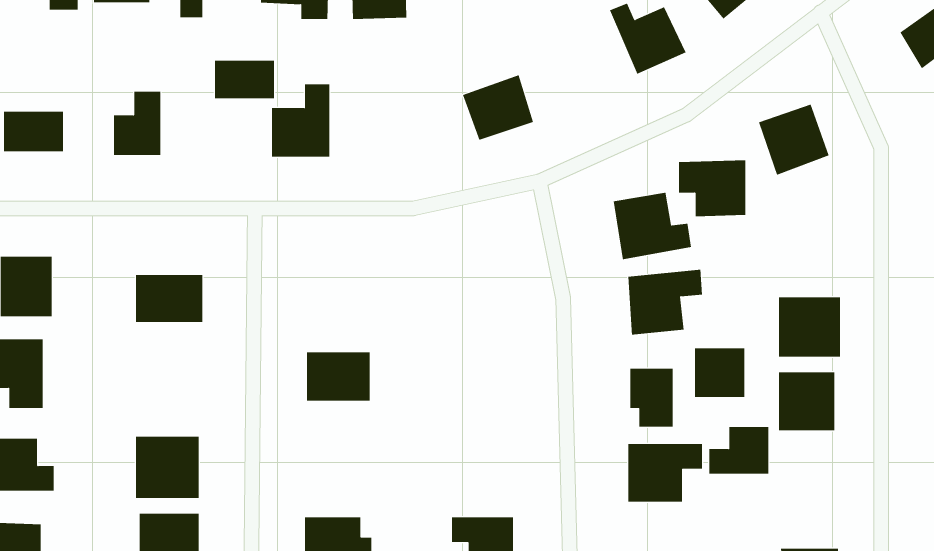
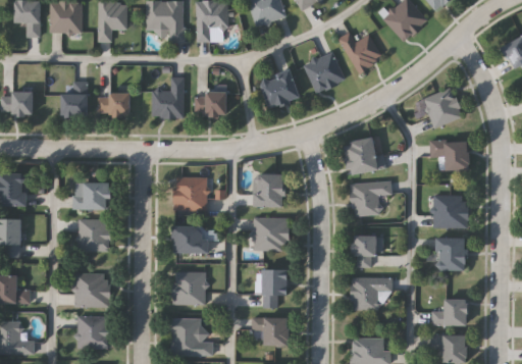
building: none -> [303,52,346,94]
building: [214,60,275,99] -> [101,95,135,116]
building: none -> [196,93,225,117]
building: [678,160,746,217] -> [430,140,468,171]
building: none -> [252,173,282,208]
building: none -> [173,178,207,212]
building: none -> [253,218,289,250]
building: none -> [80,219,113,251]
building: [695,347,745,398] -> none
building: [708,427,769,474] -> [431,300,465,326]
building: none -> [260,270,285,308]
building: none -> [172,272,206,306]

